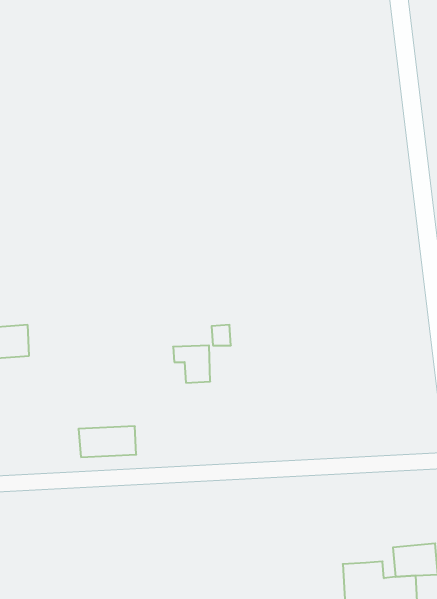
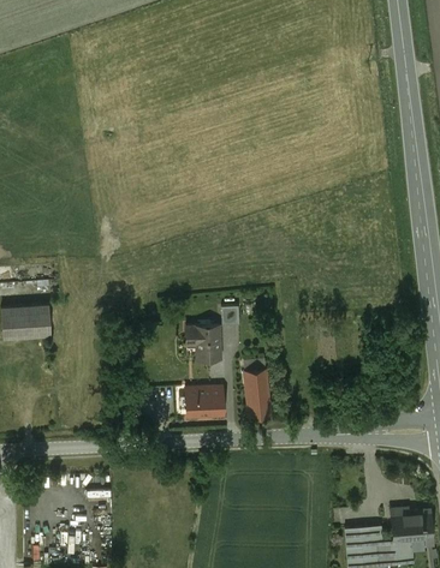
building: none -> [244,367,270,423]
building: [78,426,136,457] -> [166,387,220,415]

